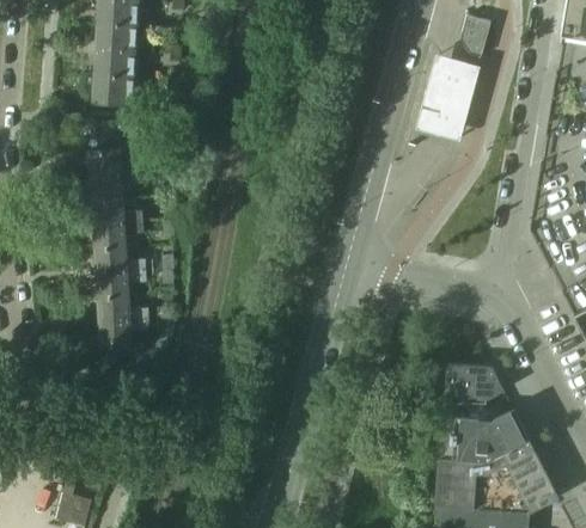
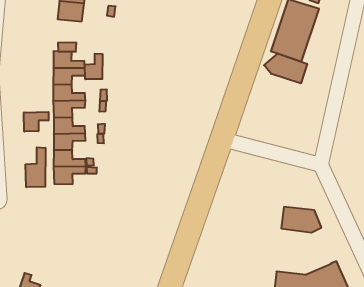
building: none -> [264,53,307,83]
building: none -> [85,54,102,79]
building: none -> [24,112,49,132]
building: none -> [26,147,45,187]
building: [439,409,529,462] -> none

